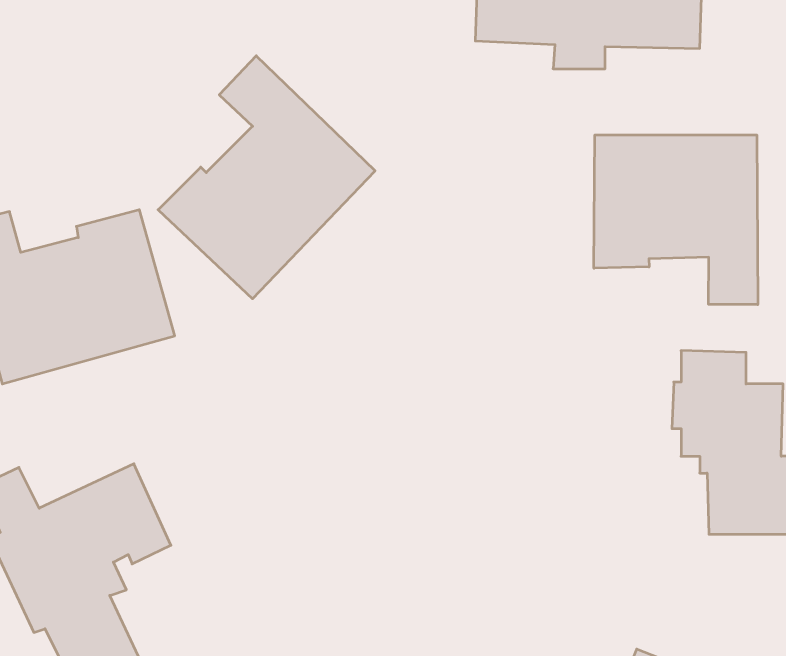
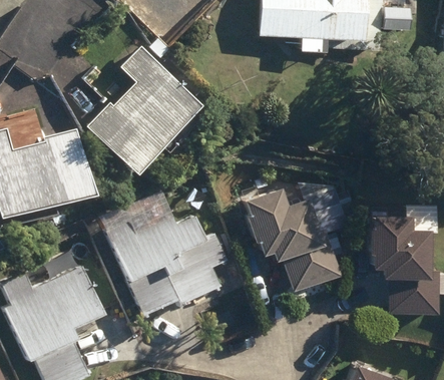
building: [594,135,758,305] -> none
building: none -> [243,178,336,278]
building: none -> [97,214,218,312]

